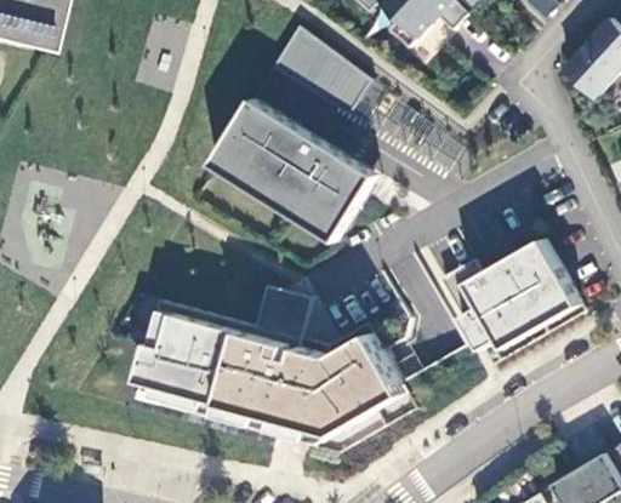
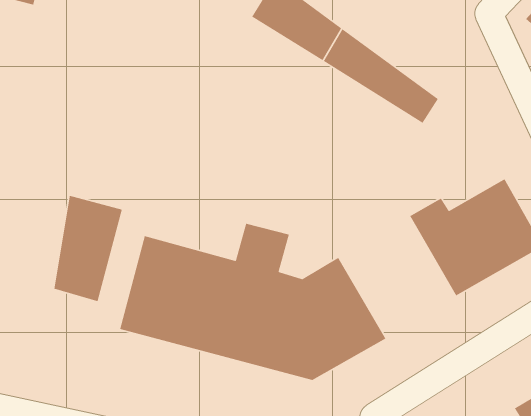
building: [210,95,377,241] -> none
building: none -> [53,195,123,302]

